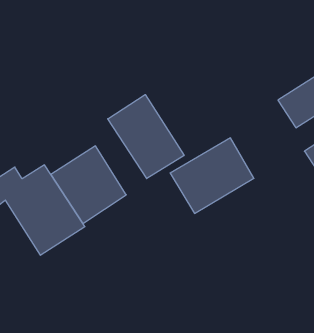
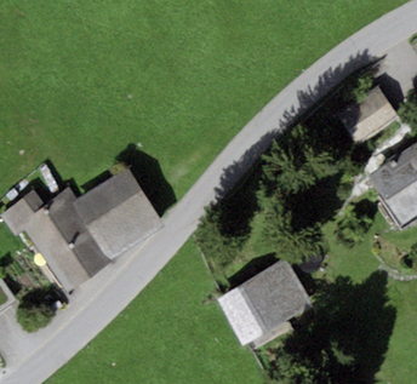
building: [108,95,184,179] -> none
building: [170,138,254,213] -> [215,259,310,345]

